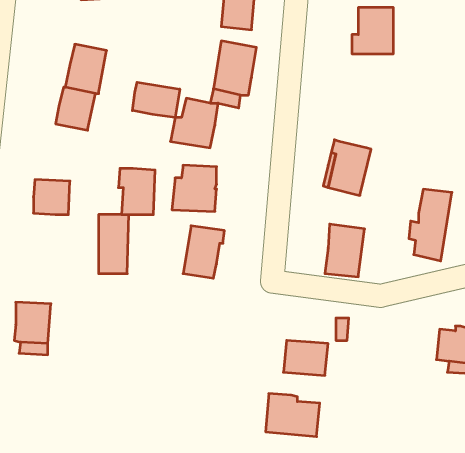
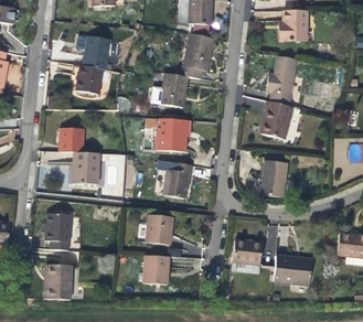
building: [132,82,180,117] -> none
building: [118,168,155,215] -> [73,152,98,184]
building: [409,189,452,261] -> [267,56,297,106]
building: none -> [146,214,170,244]
building: none -> [143,255,169,283]
building: none -> [43,265,72,299]
building: [266,394,320,437] -> [274,254,311,283]

